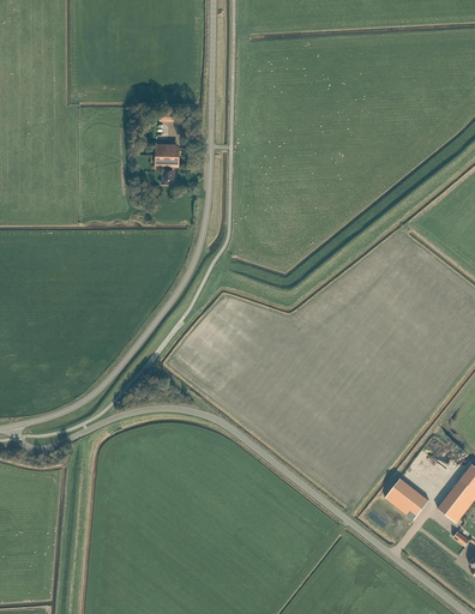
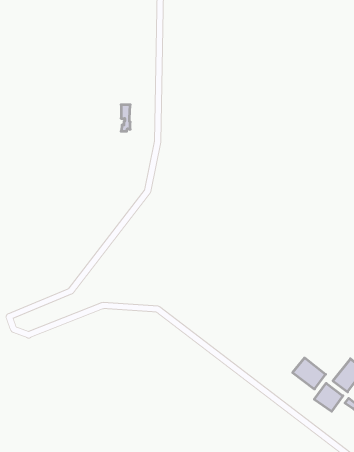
building: none -> [314,383,343,411]

